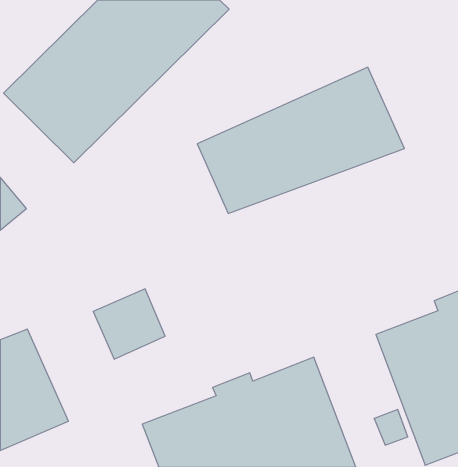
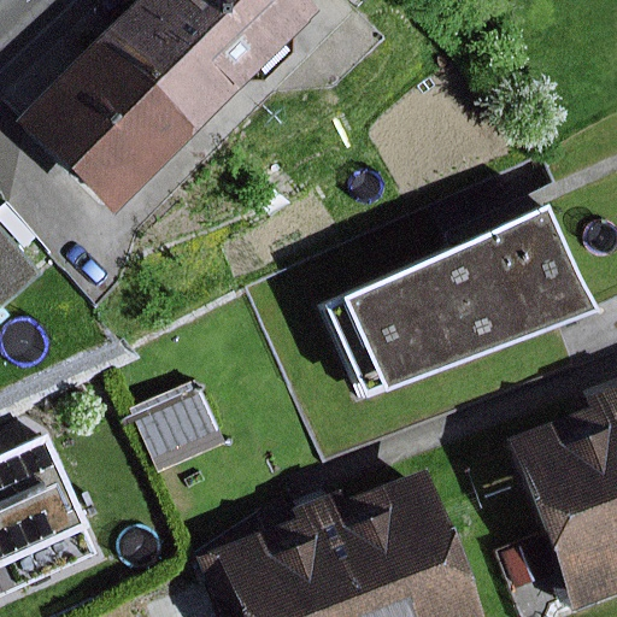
building: [197,67,404,213] -> [322,205,595,398]

